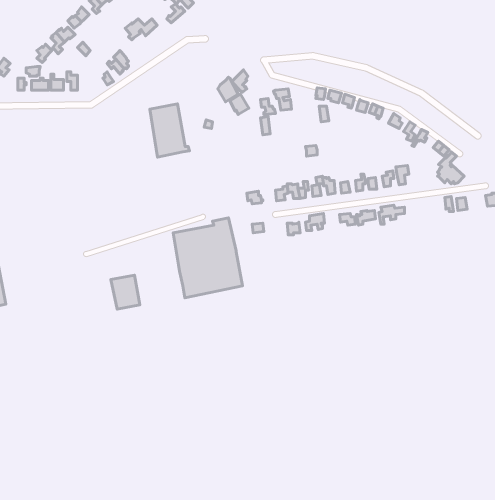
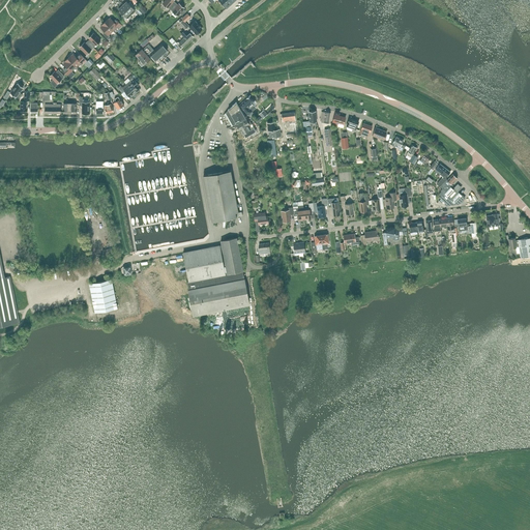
building: [150,104,189,157] -> [204,170,242,222]
building: [111,275,140,309] -> [89,279,117,313]

